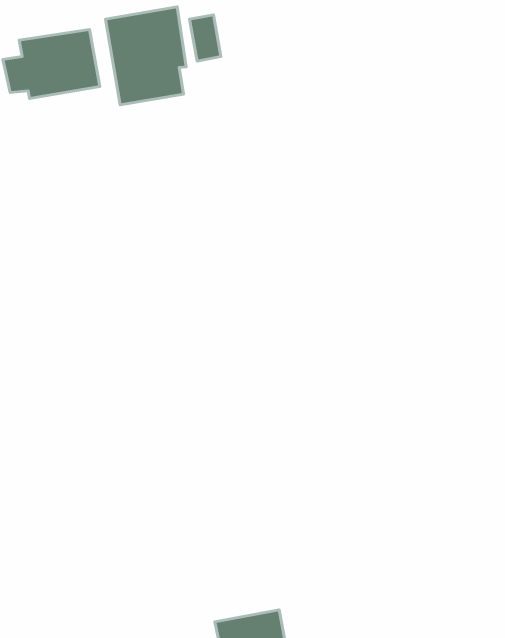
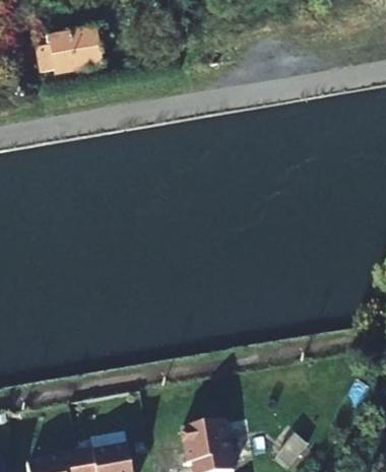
building: [105,7,186,105] -> none

